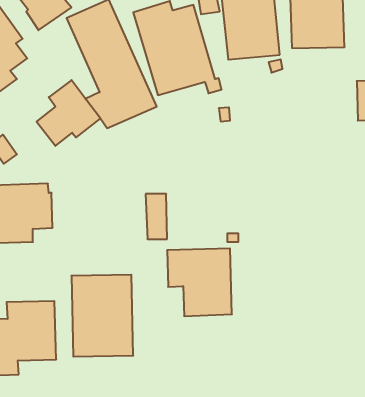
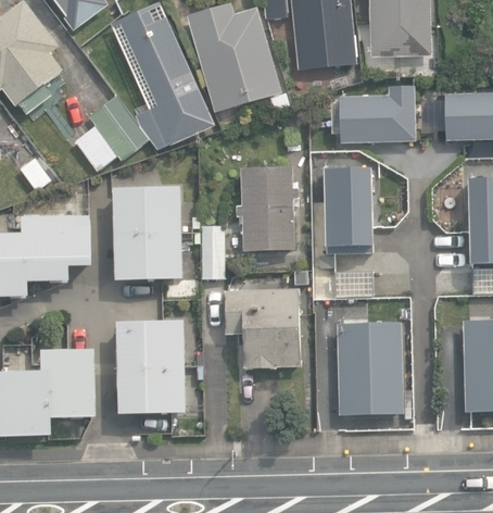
building: none -> [330,86,416,142]
building: none -> [237,165,300,250]
building: none -> [324,167,374,254]
building: none -> [113,188,181,280]
building: none -> [337,321,403,415]

